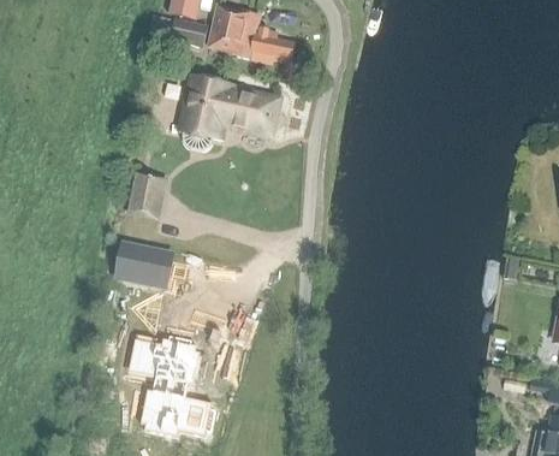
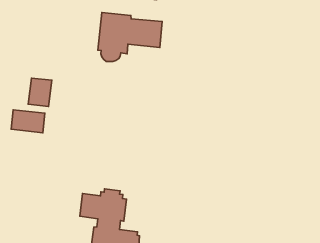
building: [129,172,167,217] -> [28,78,52,106]
building: [107,254,160,292] -> [11,110,45,133]

